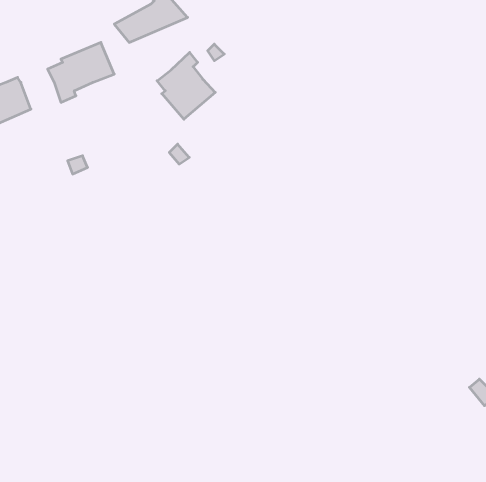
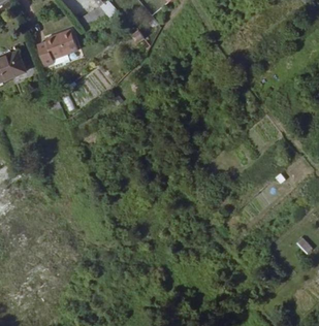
building: [157,52,215,119] -> none

